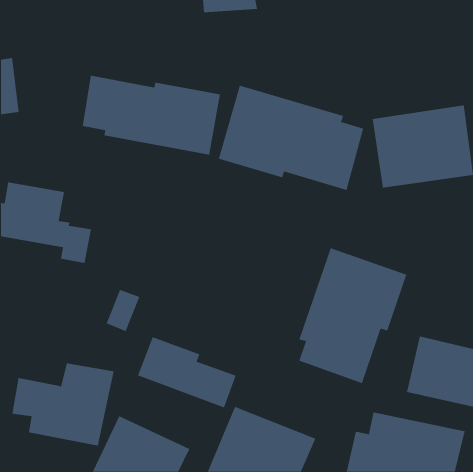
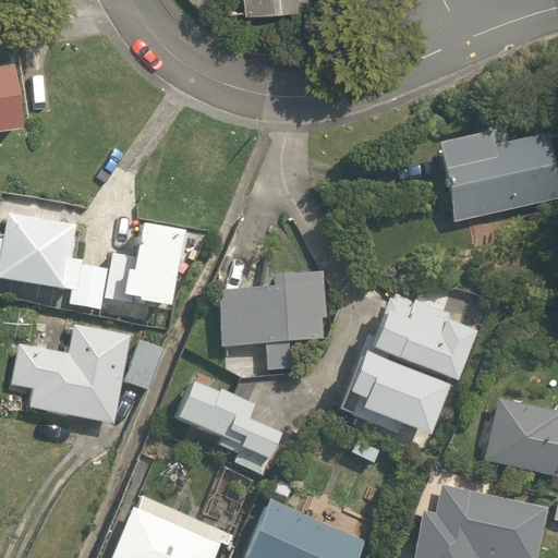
building: [82,75,220,156] -> none
building: [218,85,364,191] -> none
building: none -> [105,226,186,319]
building: none -> [208,244,328,372]
building: [11,363,114,446] -> [12,326,133,424]

